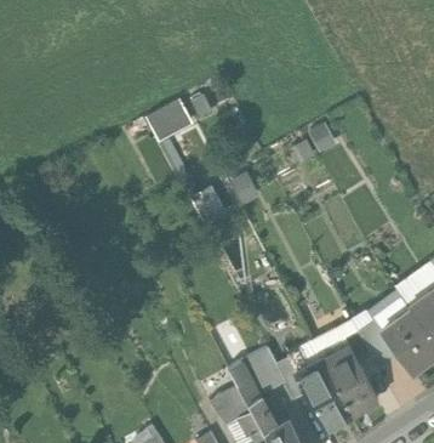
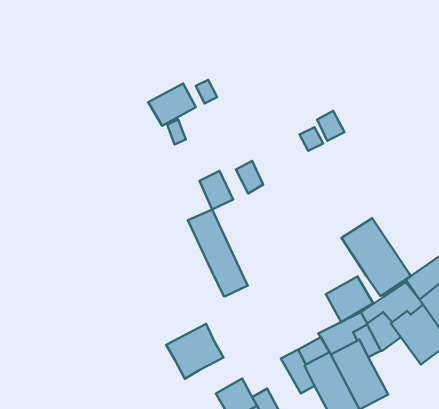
building: none -> [188,210,248,296]
building: none -> [342,218,411,296]
building: none -> [326,277,373,322]
building: [228,351,284,404] -> [166,324,224,379]

